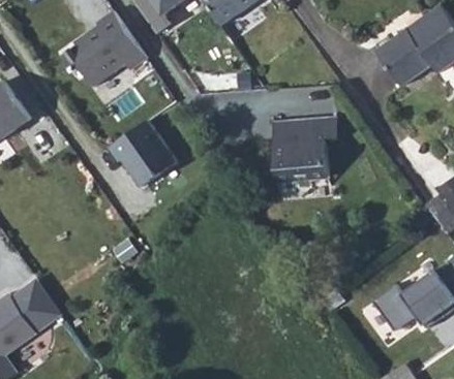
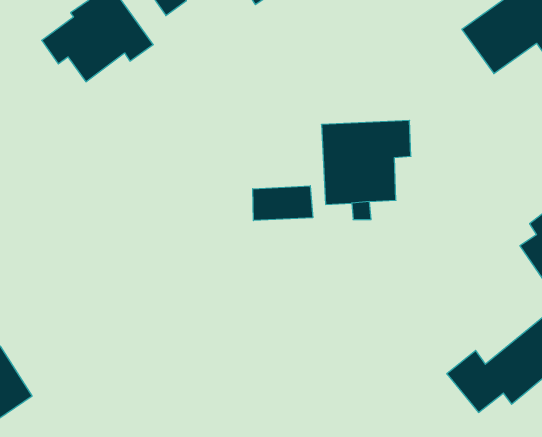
building: [105,122,170,189] -> none
building: none -> [253,186,313,221]

